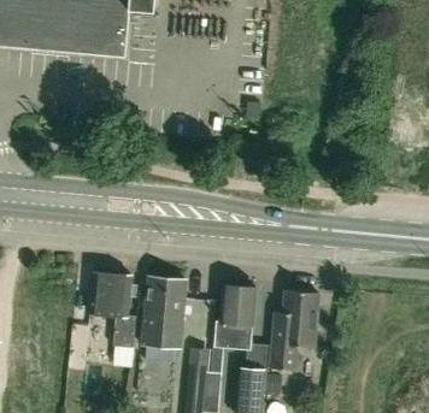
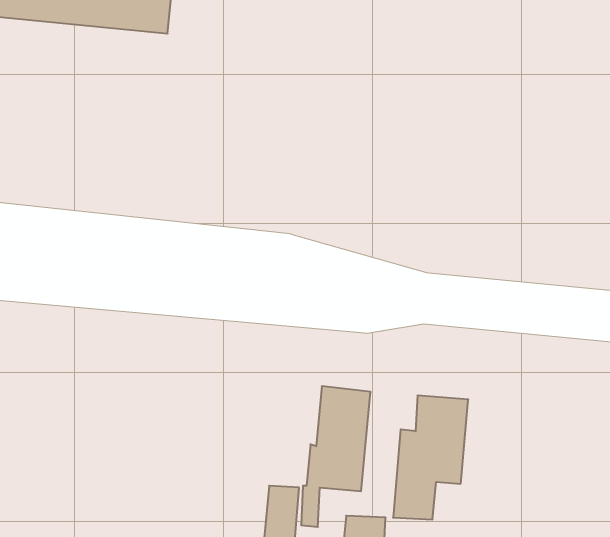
building: [89,271,136,346] -> none
building: [142,276,187,347] -> none

